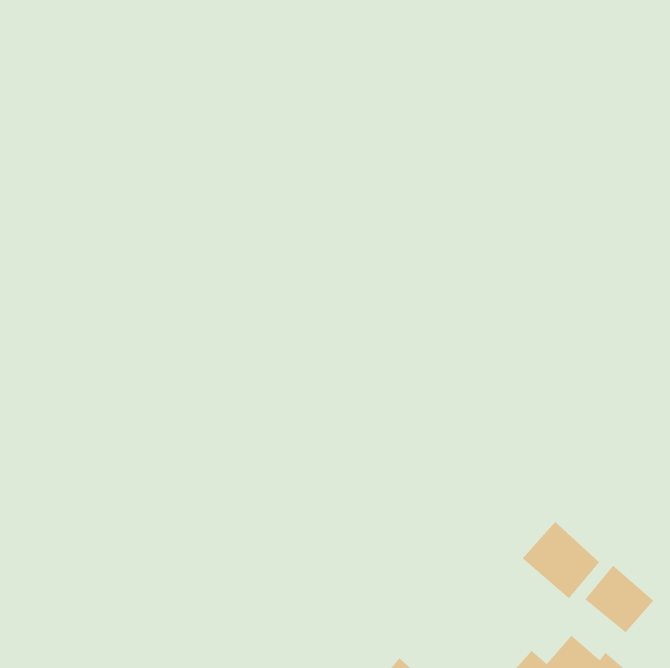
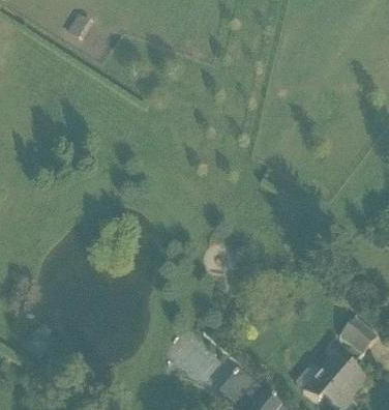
building: [522,521,600,599] -> none

